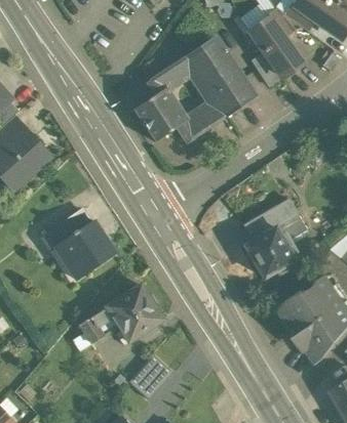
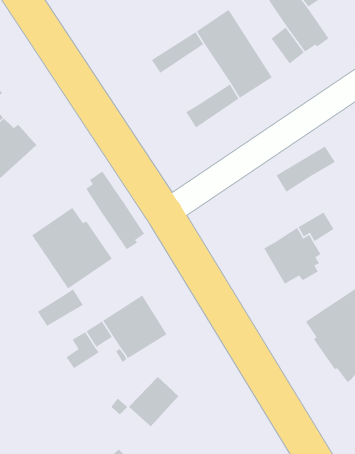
building: [133,88,184,140] -> none
building: none -> [86,171,145,250]
building: [244,198,297,239] -> [276,145,336,193]
building: none -> [37,288,84,327]

